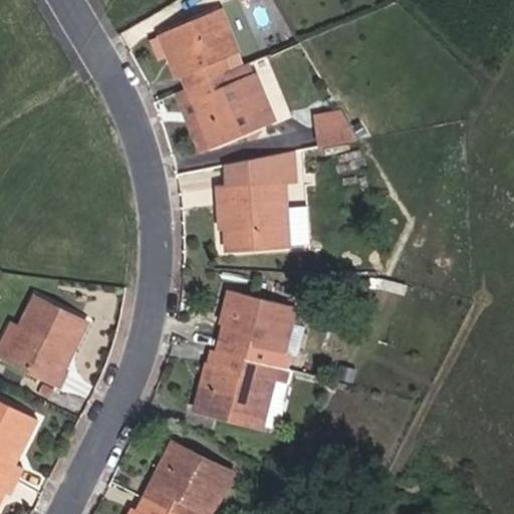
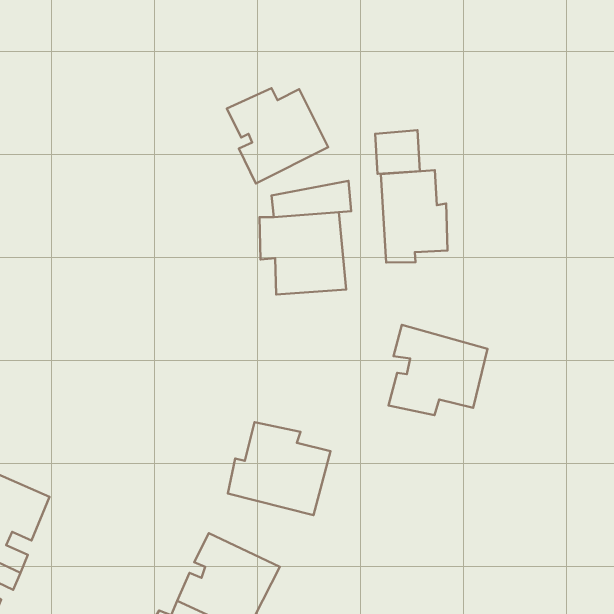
building: [157,8,237,92] -> none
building: none -> [381,170,447,262]
building: [212,286,294,361] -> [389,325,488,415]
building: [12,295,88,386] -> none

